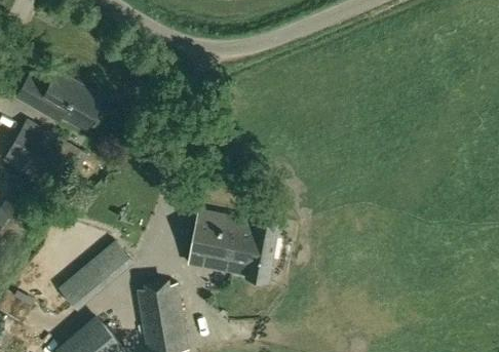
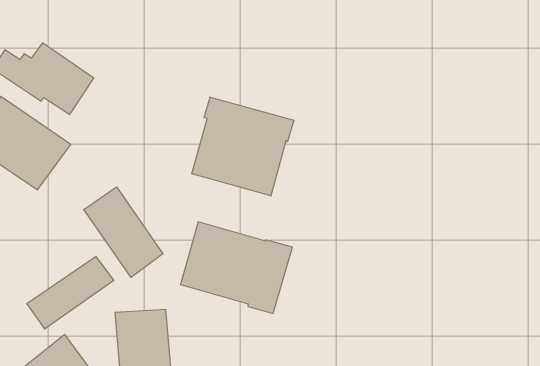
building: none -> [192,97,294,196]
building: none -> [84,187,163,277]

